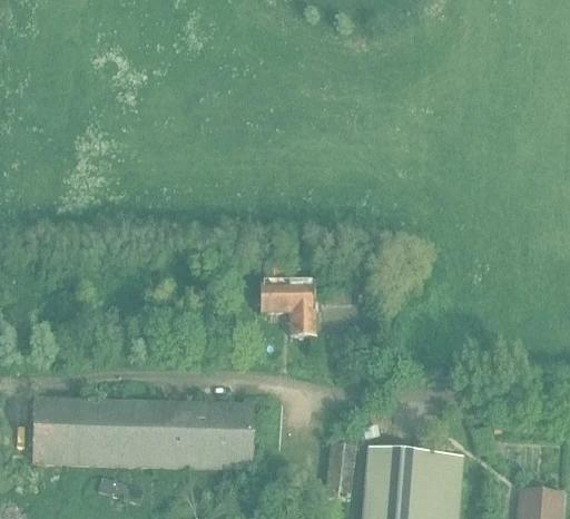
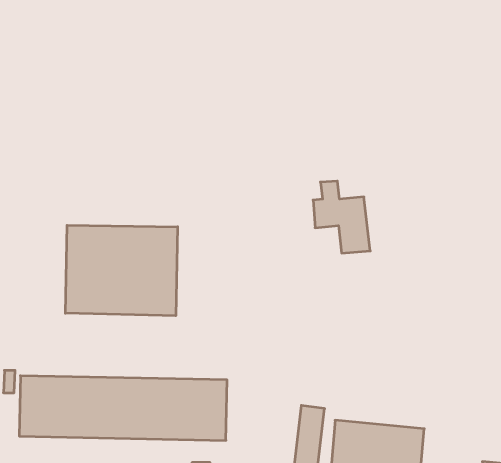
building: none -> [65,225,178,316]
building: [257,261,317,336] -> [313,181,370,253]

